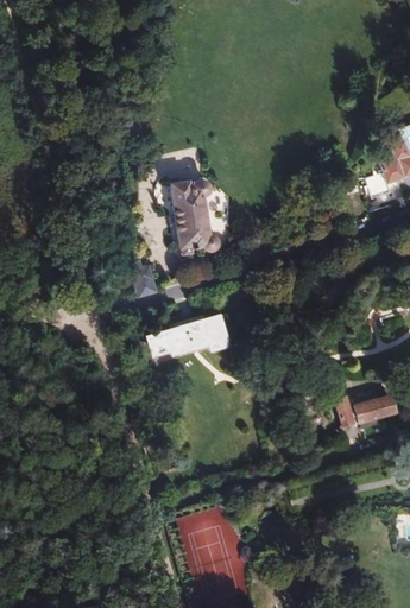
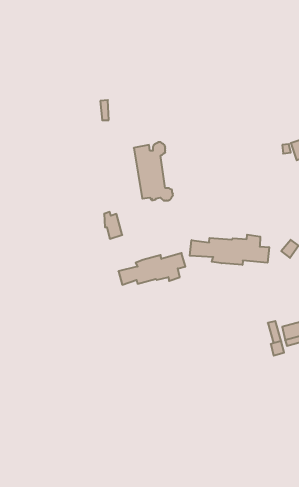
building: none -> [190,235,269,265]

